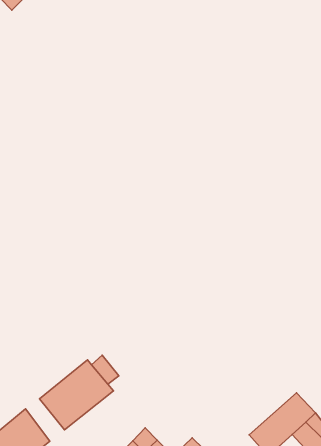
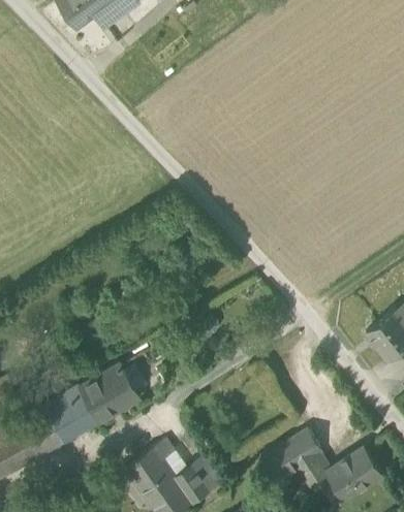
building: none -> [56,395,89,437]

